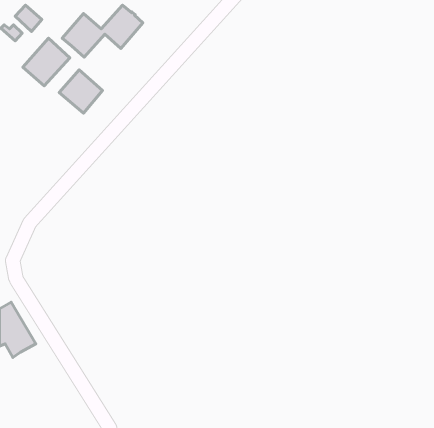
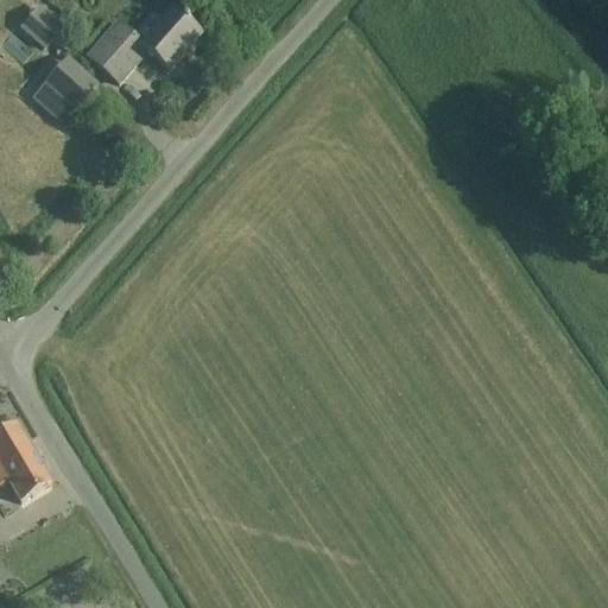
building: [59,70,103,113] -> none

